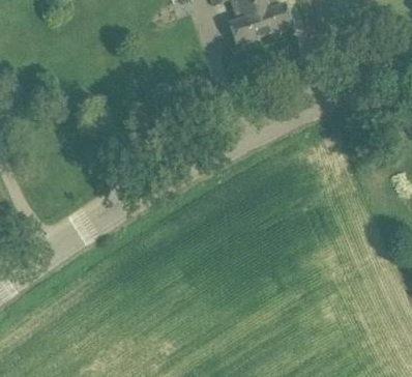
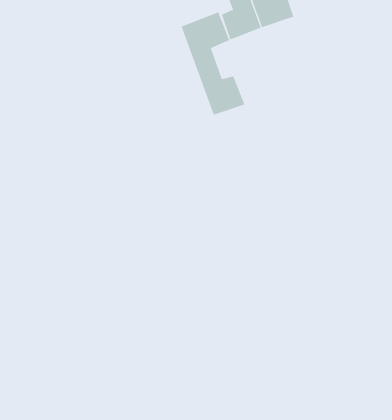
building: none -> [181,11,245,115]

